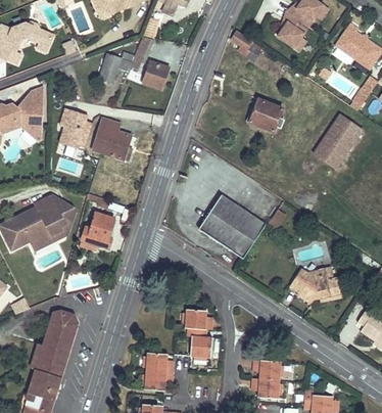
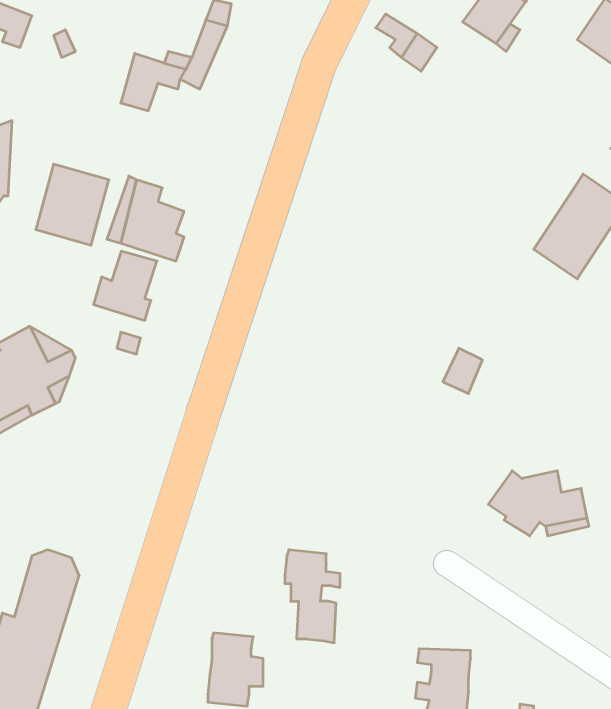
building: [140,61,170,93] -> none
building: [249,99,283,132] -> none
building: [198,195,265,259] -> none
building: [82,213,114,248] -> [94,251,157,320]

